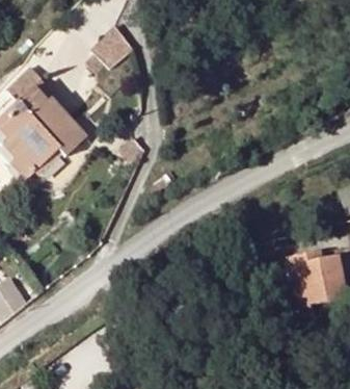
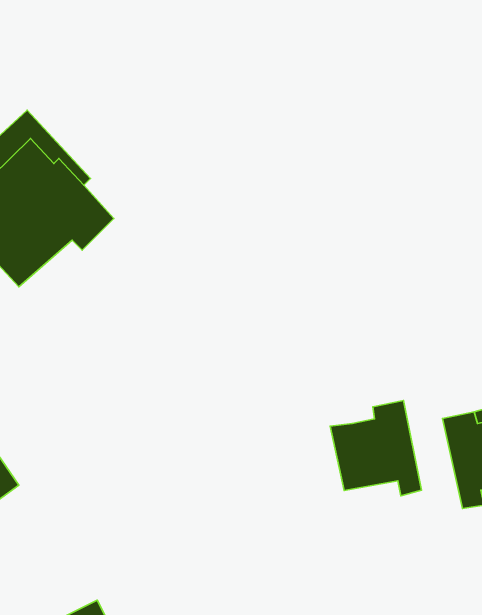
building: [90,28,134,72] -> none
building: none -> [330,401,421,496]

